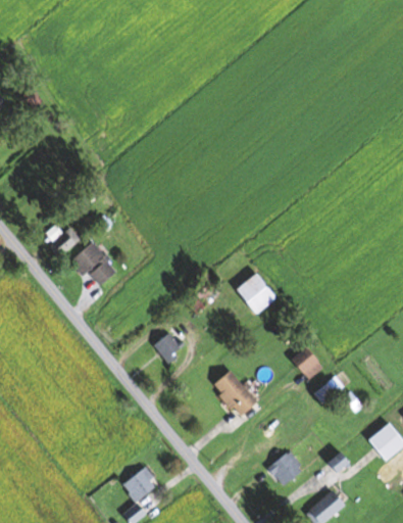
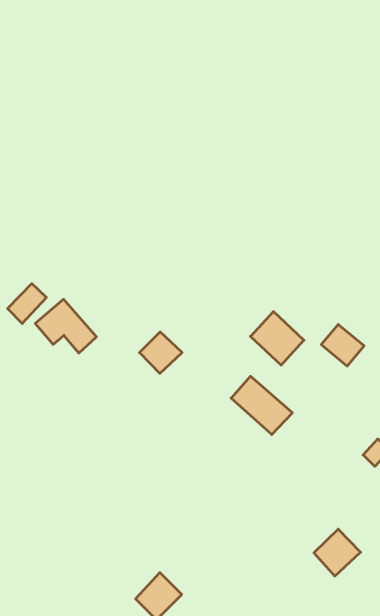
building: [151,330,185,363] -> [139,332,182,373]
building: [291,345,324,379] -> [321,324,364,366]
building: [211,370,258,418] -> [231,376,292,435]

